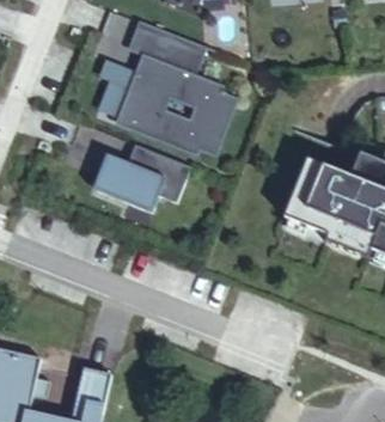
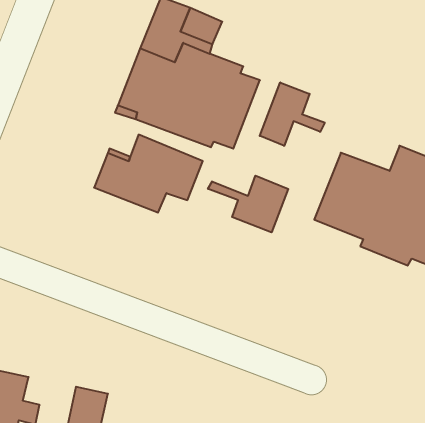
building: none -> [260,82,325,146]
building: none -> [208,176,288,232]

